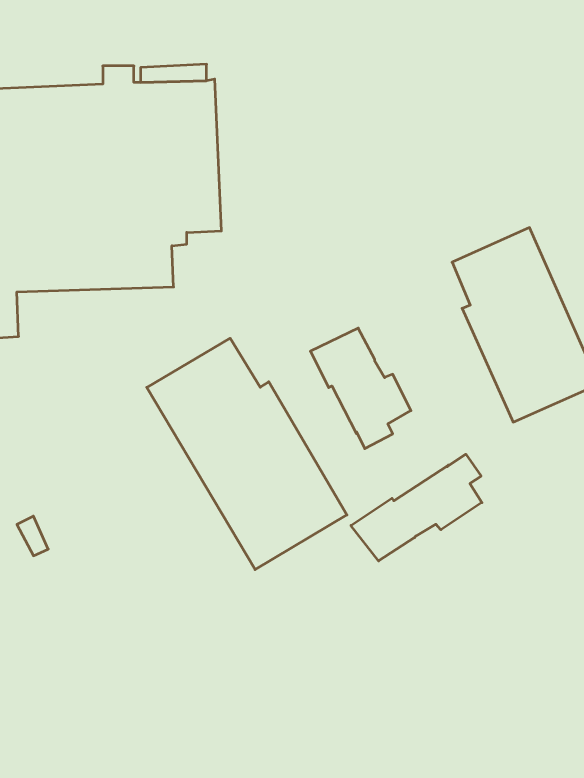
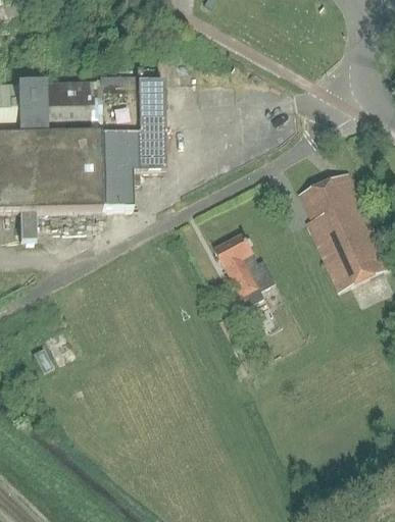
building: [147,338,347,570] -> none
building: [351,454,482,561] -> none

